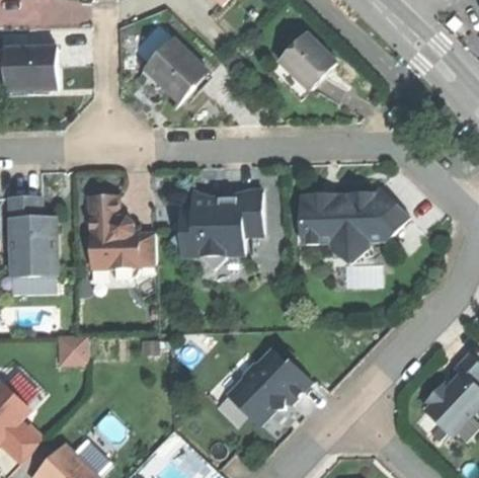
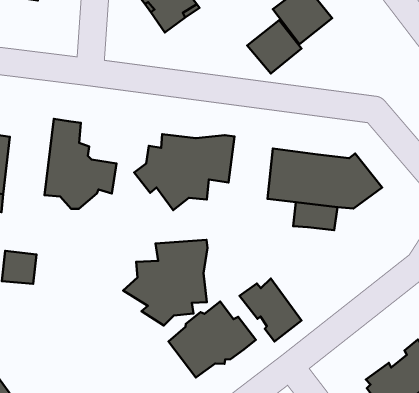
building: none -> [247,20,302,74]
building: none -> [123,240,208,326]
building: none -> [240,279,302,341]

